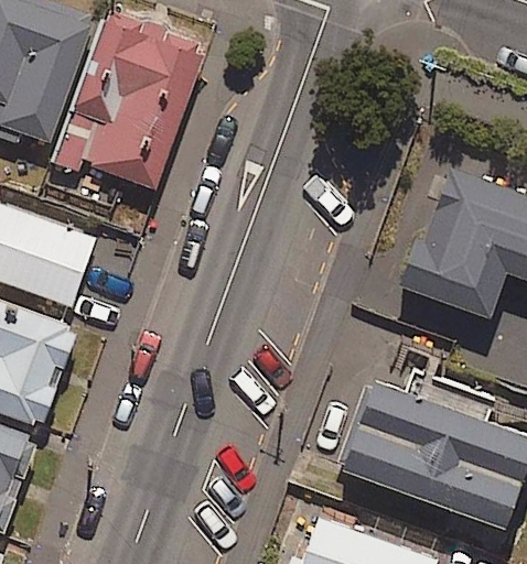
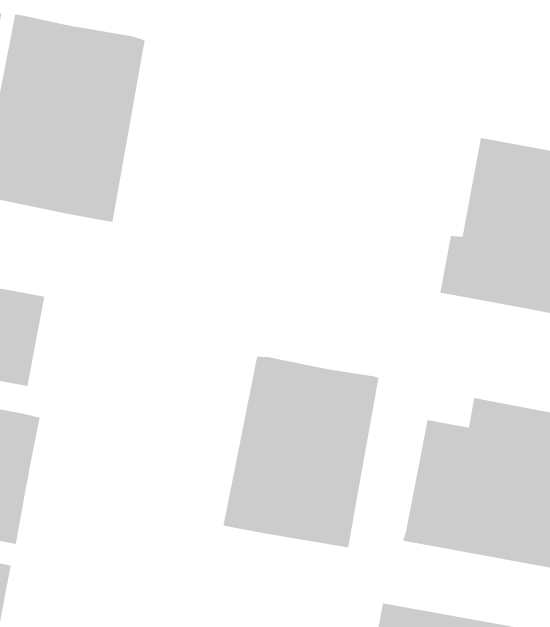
building: none -> [223,356,380,548]

